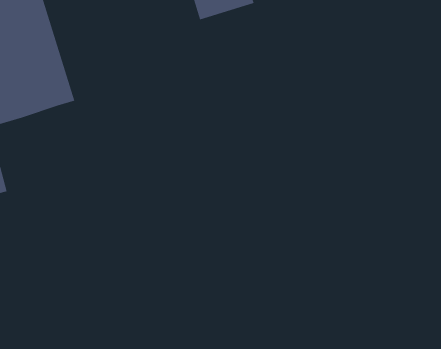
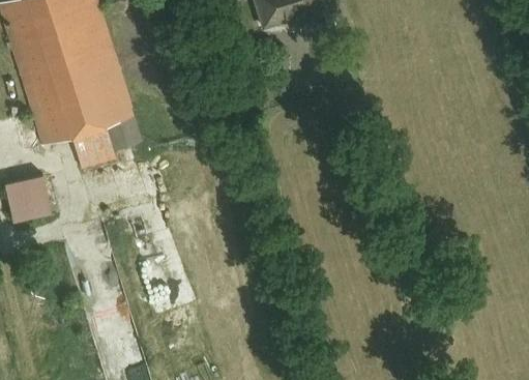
building: none -> [74,123,121,168]

